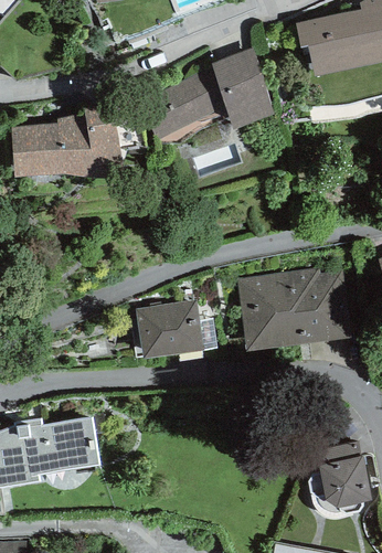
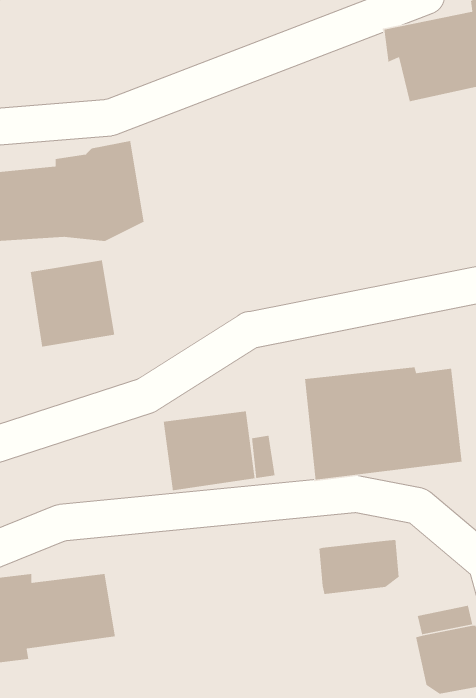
building: [138,47,274,140] -> none
building: none -> [30,259,115,348]
building: none -> [318,539,399,595]

